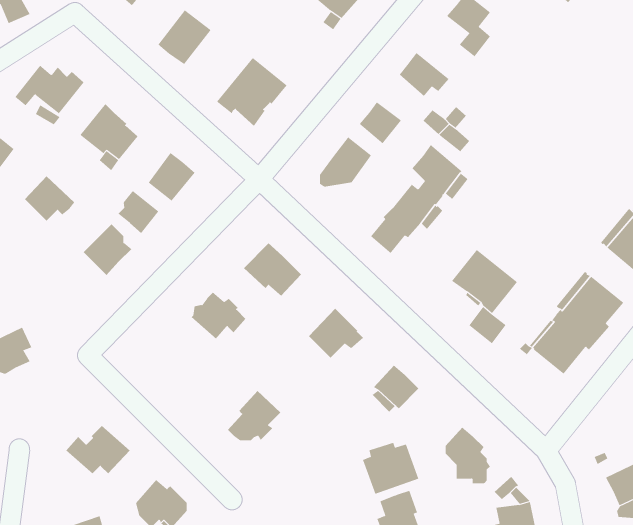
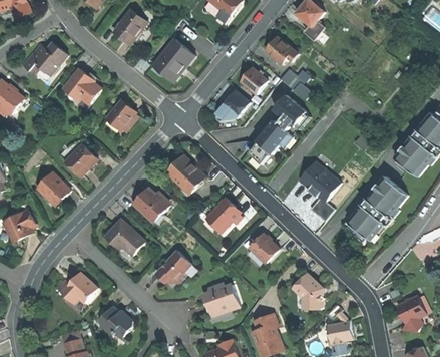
building: [24,175,75,221] -> [37,172,69,202]
building: [118,190,159,234] -> none
building: none -> [104,219,144,255]
building: [362,442,419,495] -> [202,283,239,316]

